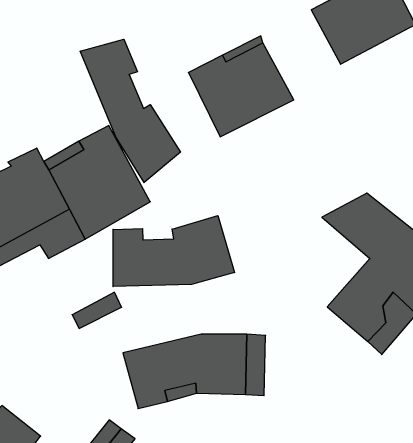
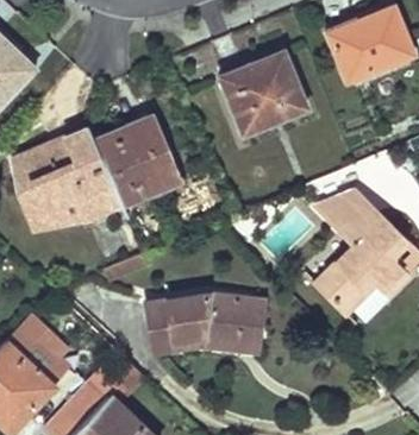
building: [80,39,180,183] -> none
building: [113,216,235,287] -> none

